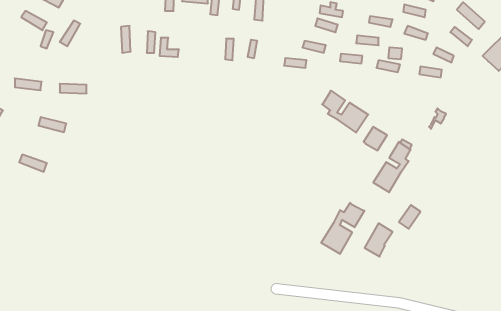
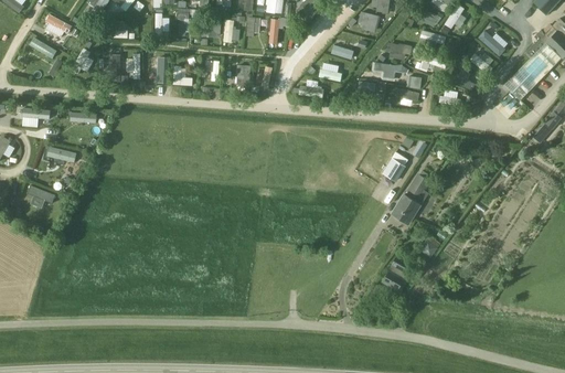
building: [322,91,368,133] -> none
building: [321,203,364,254] -> none

